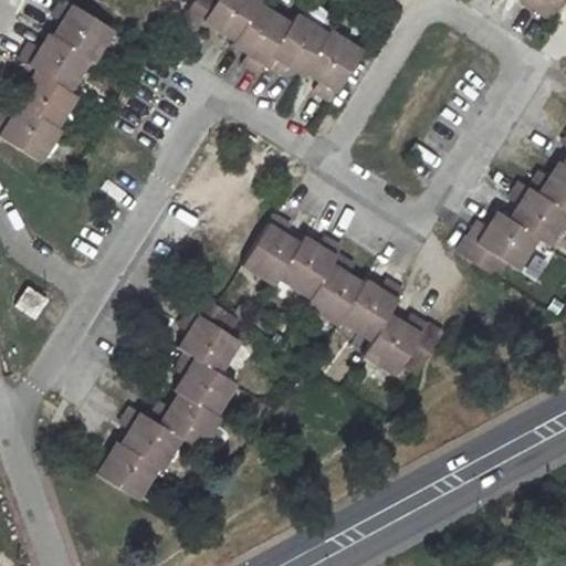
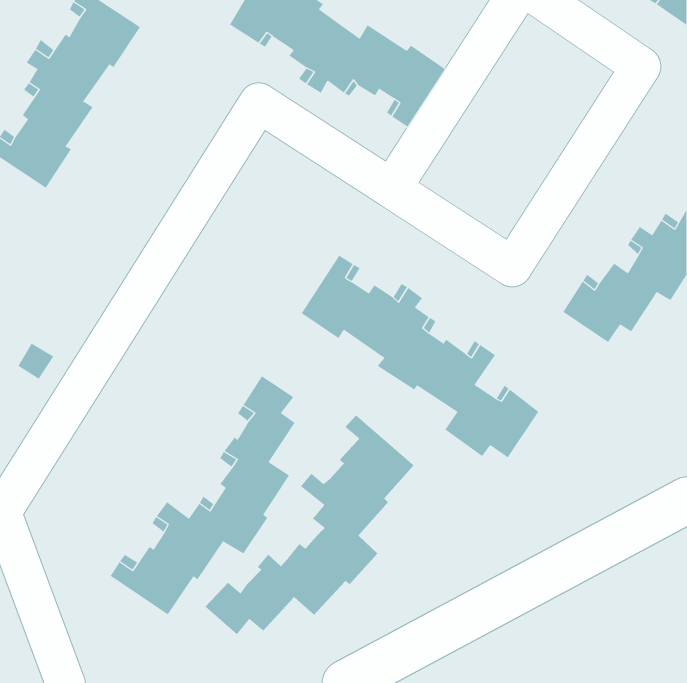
building: none -> [205,415,415,635]

